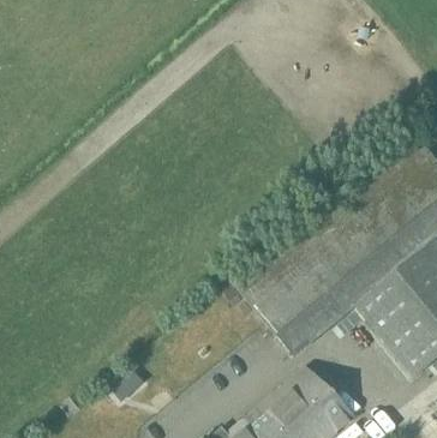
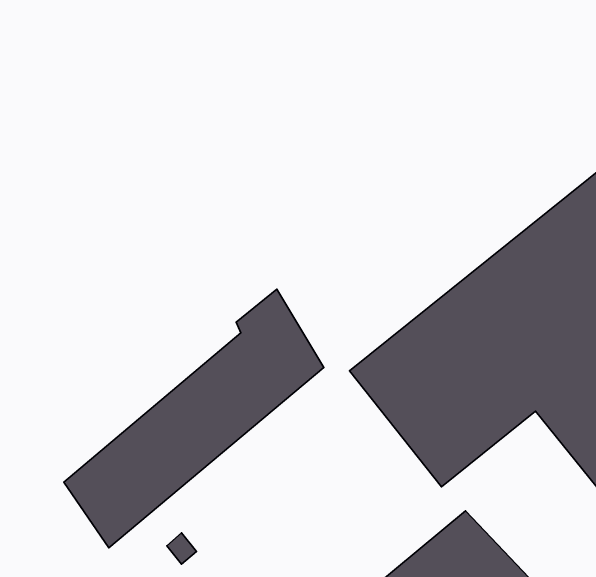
building: none -> [64,289,324,548]

